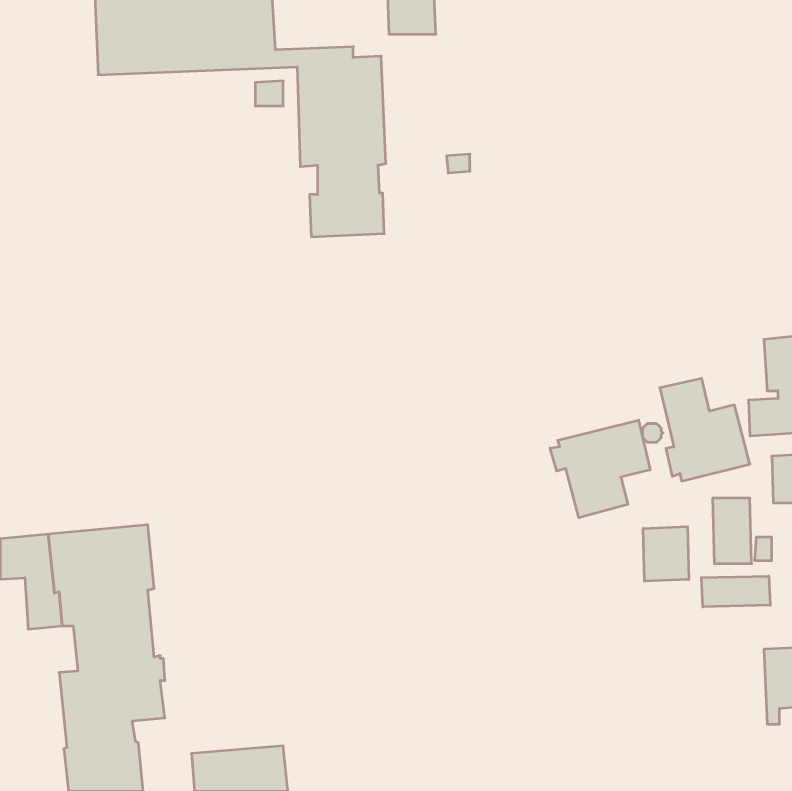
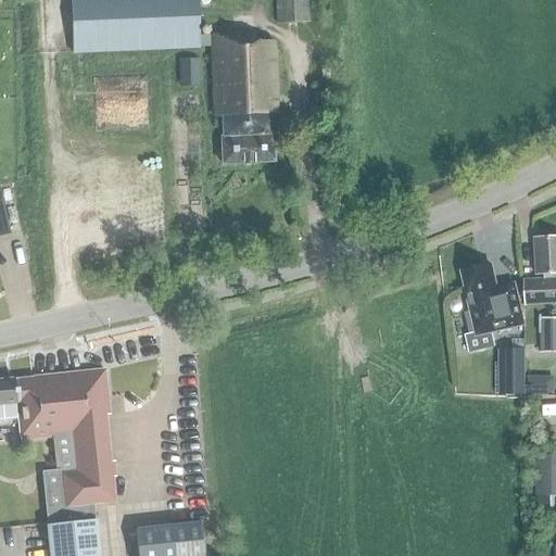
building: [550,420,650,518] -> none
building: [643,527,689,581] -> none
building: [701,576,770,607] -> none

